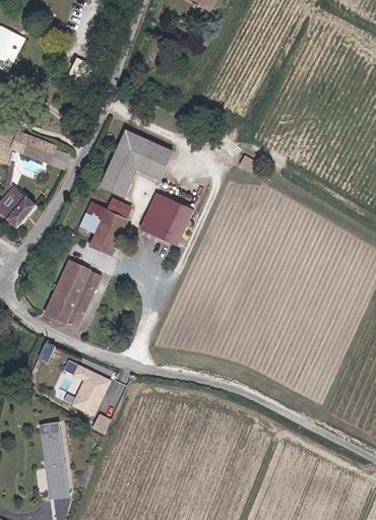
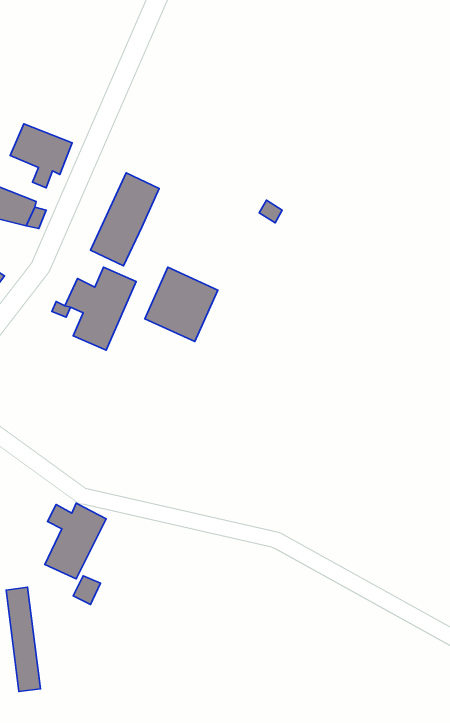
building: none -> [10,124,72,188]
building: [137,139,173,178] -> none
building: [50,260,104,327] -> none

